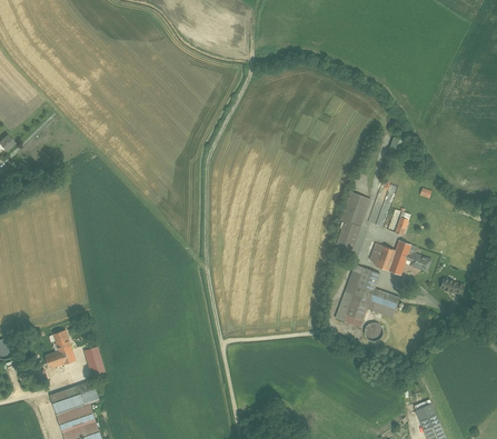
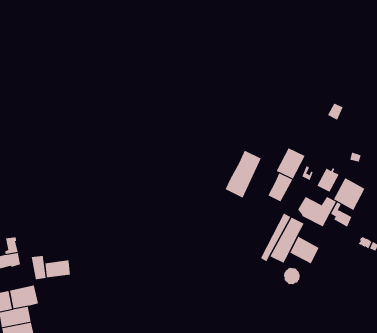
building: none -> [225,150,262,199]
building: none -> [333,177,365,211]
building: none -> [45,260,70,278]

